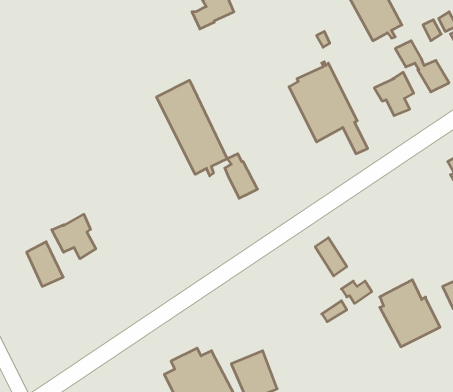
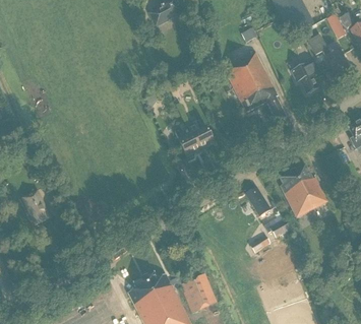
building: [157,80,227,176] -> none
building: none -> [189,120,214,149]
building: [52,214,96,259] -> none
building: [380,280,440,347] -> [280,165,326,216]

